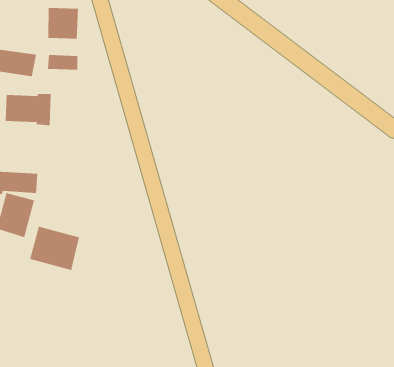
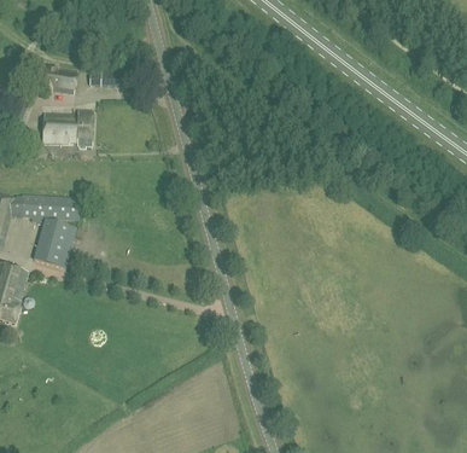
building: [48,7,78,40] -> none
building: [30,226,79,271] -> none

